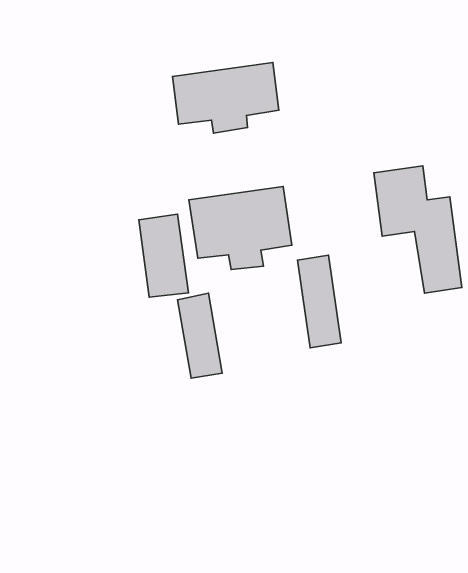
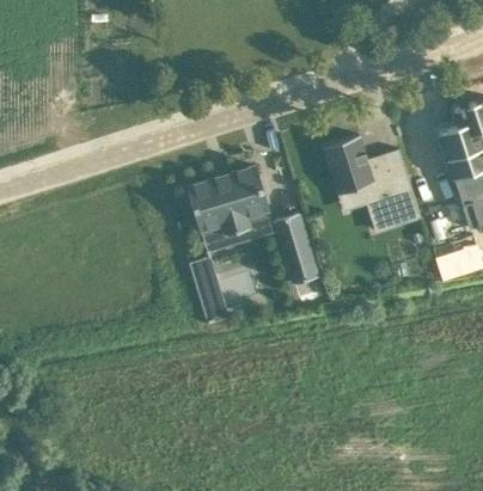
building: [172,62,279,133] -> none
building: [139,214,189,297] -> none

